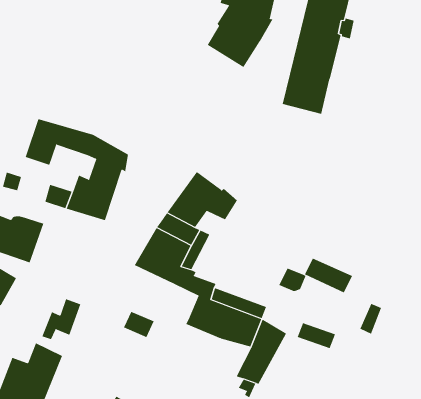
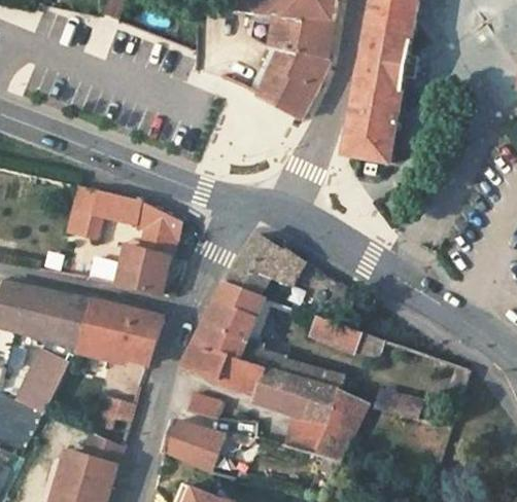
building: none -> [78,302,159,365]
building: [304,258,353,293] -> [307,317,360,353]
building: none -> [181,342,265,397]
building: none -> [163,421,223,473]
building: none -> [282,416,326,456]

